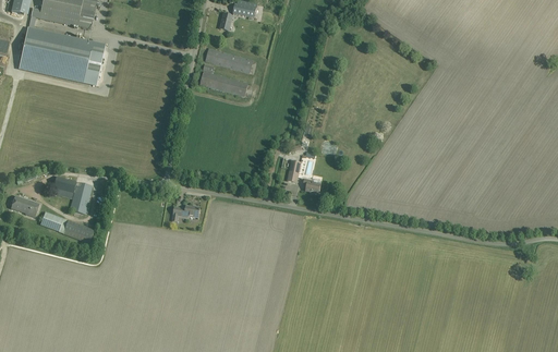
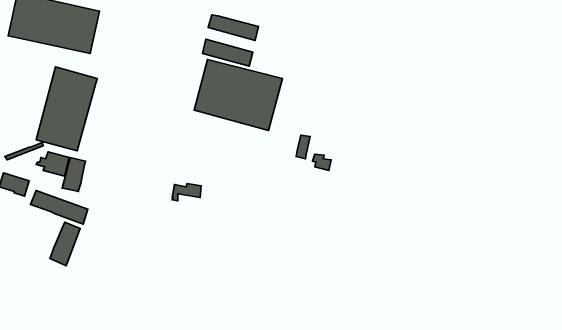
building: none -> [194,59,283,130]
building: none -> [36,67,97,151]
building: none -> [50,222,80,266]

